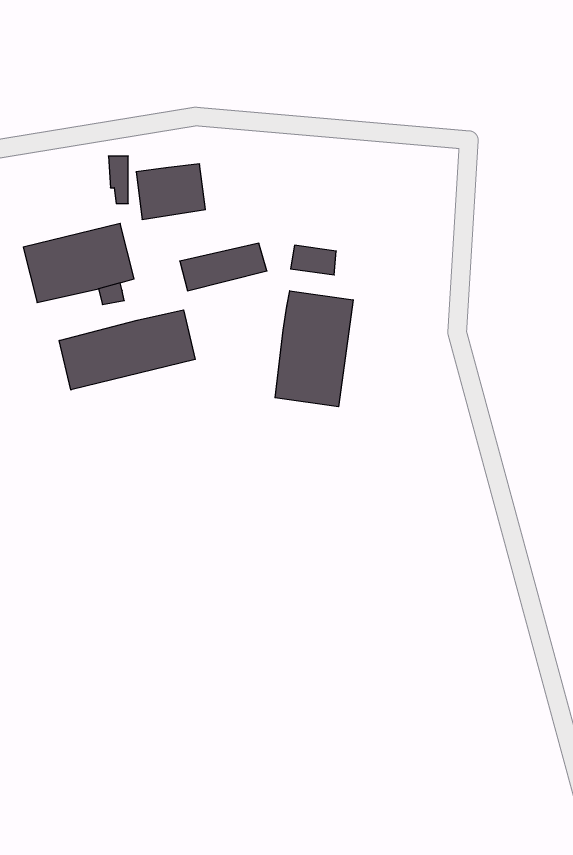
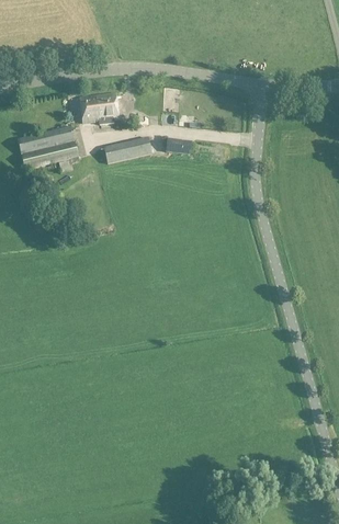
building: [275,291,353,407] -> none
building: [59,310,195,390] -> none

